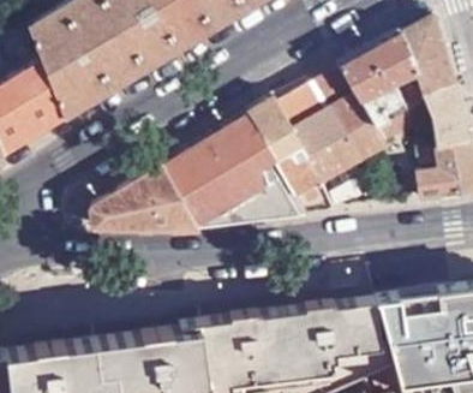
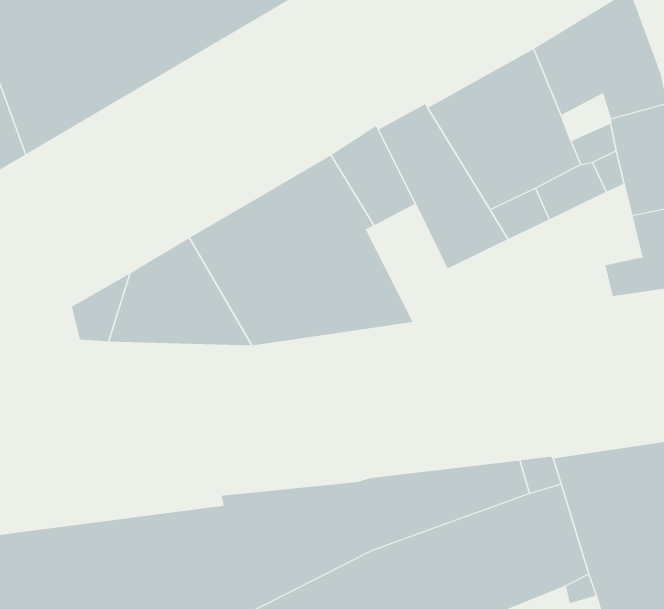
building: [269,145,333,218] -> none

